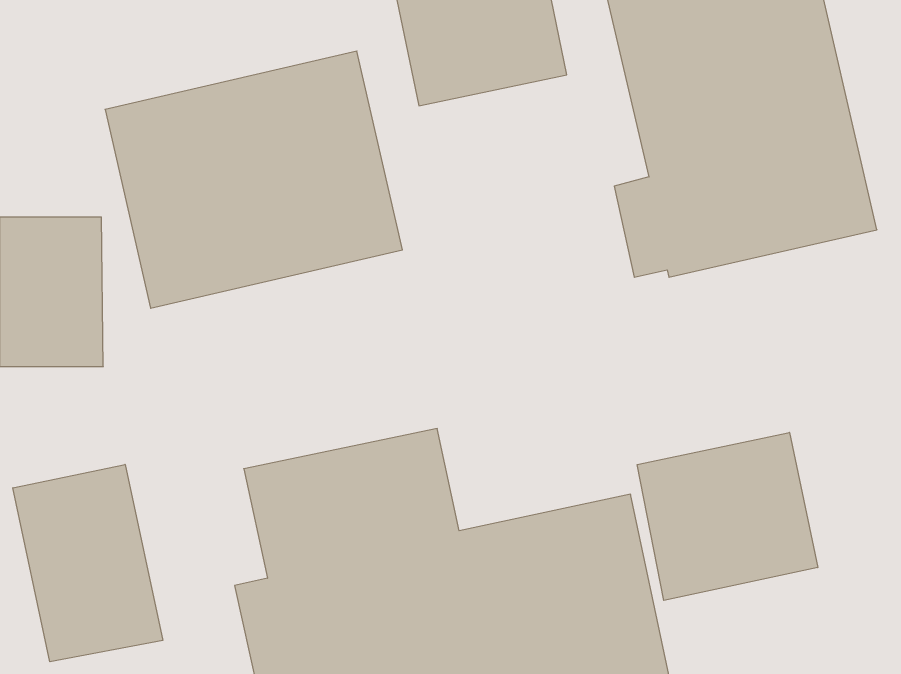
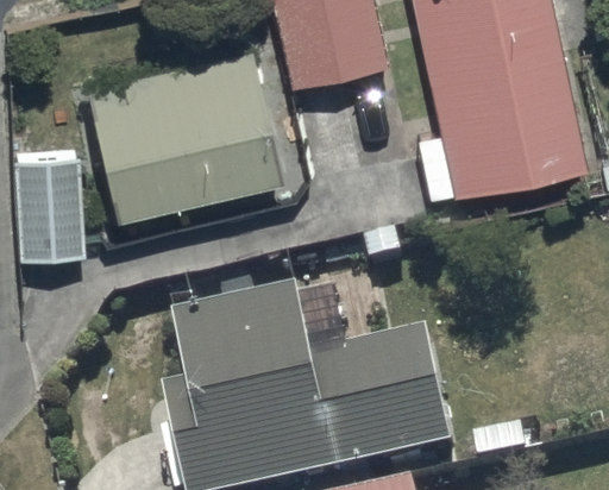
building: [637,432,818,600] -> none
building: [13,464,163,662] -> none

